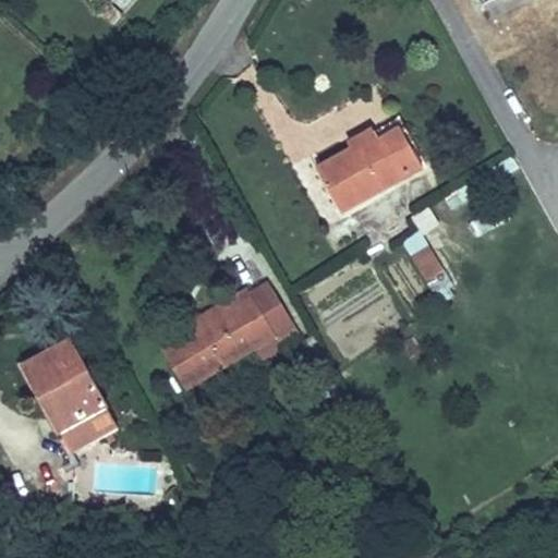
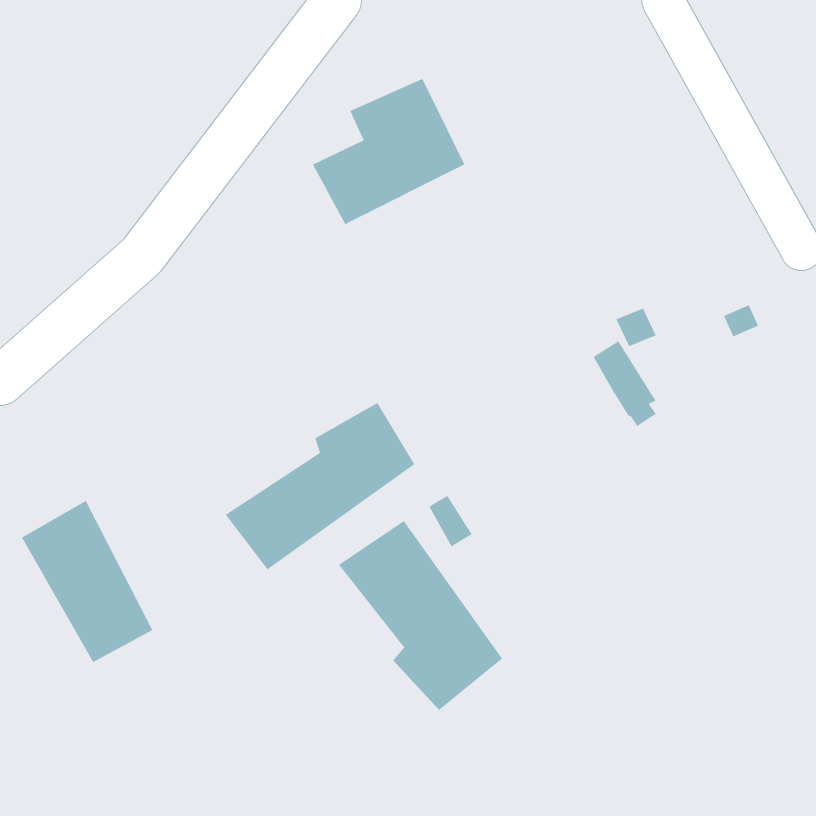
building: [317,110,420,208] -> [312,78,465,225]
building: none -> [338,520,503,711]

